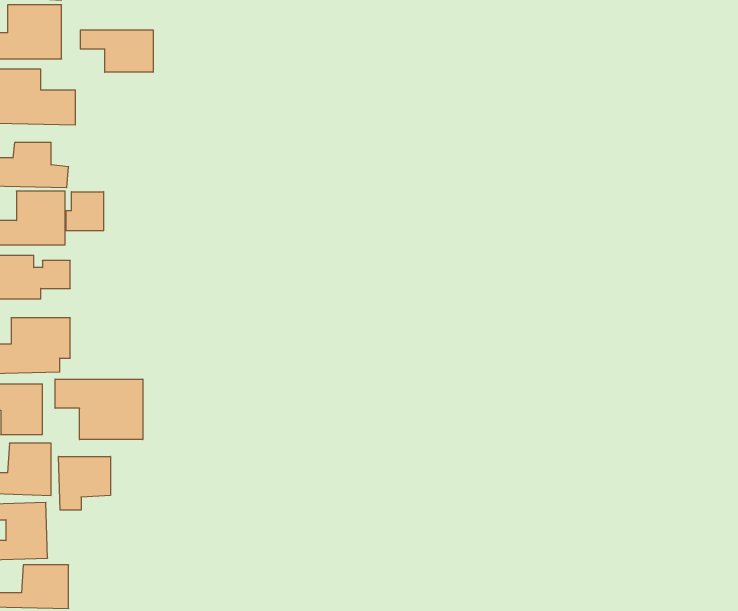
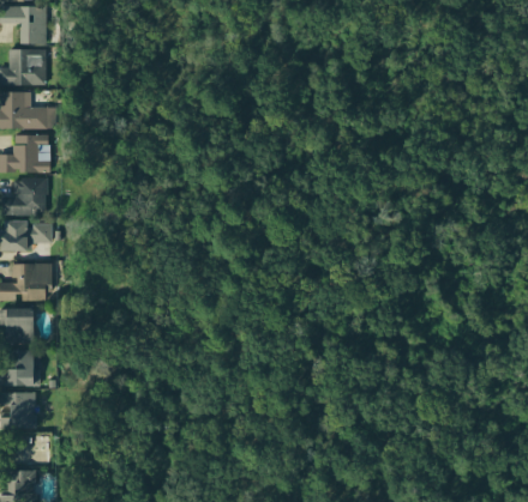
building: [80,30,153,72] -> none
building: [66,192,104,231] -> none
building: [55,379,143,440] -> none
building: [59,456,110,510] -> none

